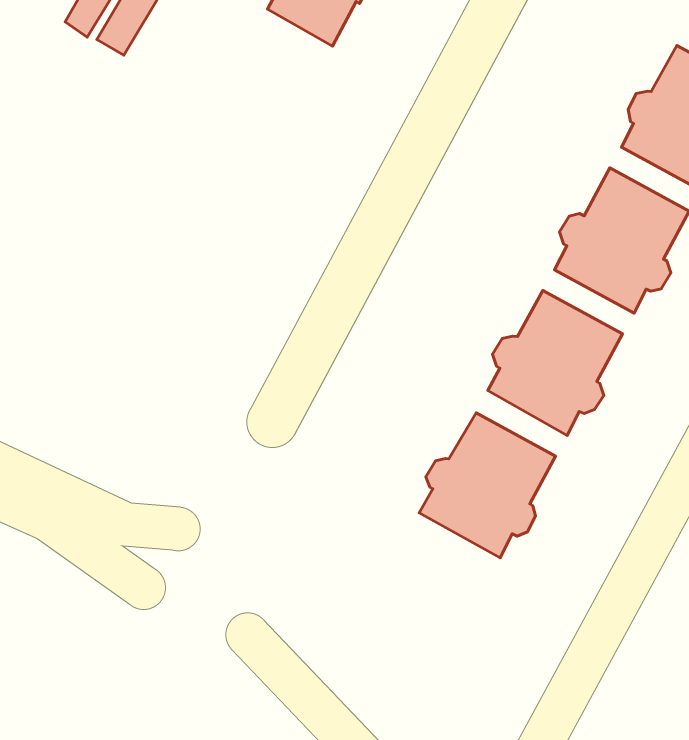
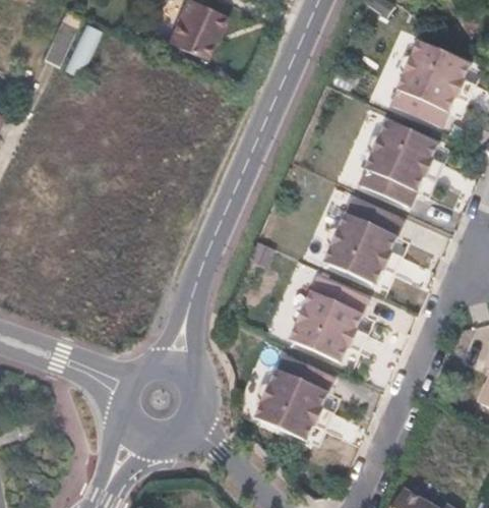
building: none -> [252,354,332,442]

